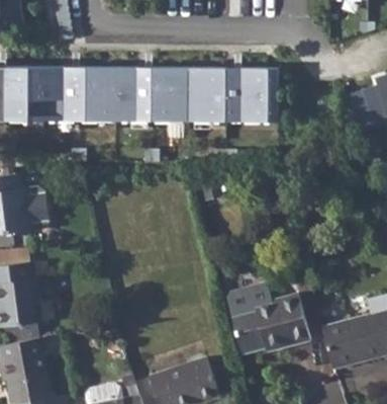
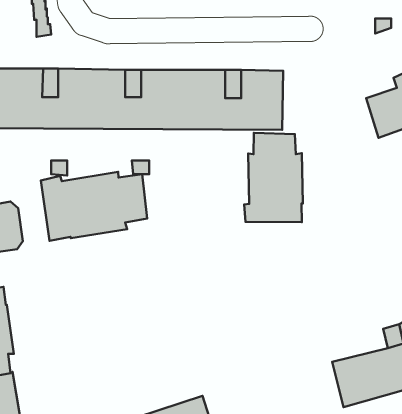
building: none -> [244,133,303,222]
building: none -> [41,172,147,241]
building: [227,280,309,353] -> none

